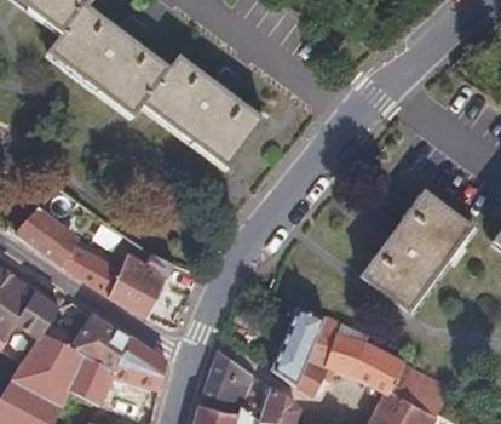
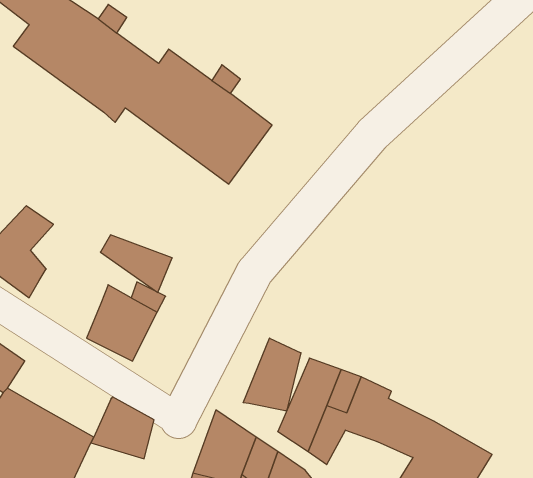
building: [357,191,472,316] -> none
building: [61,245,121,293] -> [100,235,172,292]
building: none -> [243,338,301,411]
building: [70,320,129,377] -> none

